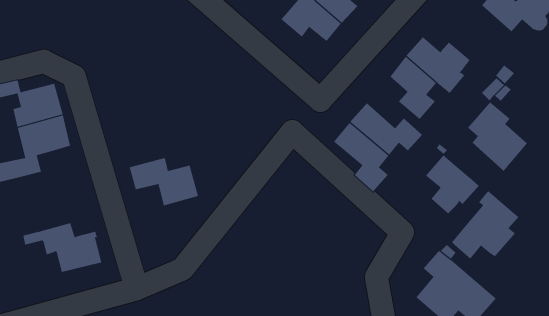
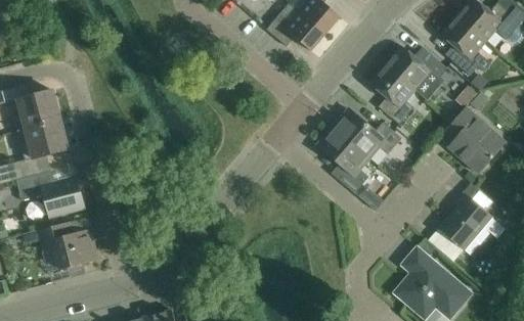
building: none -> [441,16,491,76]
building: [425,154,480,214] -> none
building: [129,157,199,206] -> [17,171,84,217]

